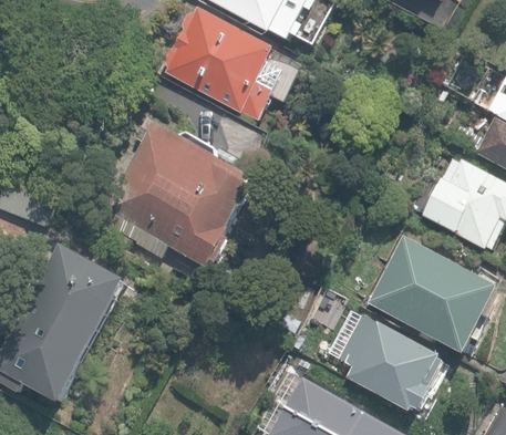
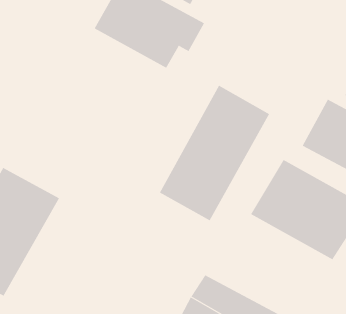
building: [99,115,249,258] -> none
building: none -> [159,85,270,221]
building: [326,314,445,414] -> none

